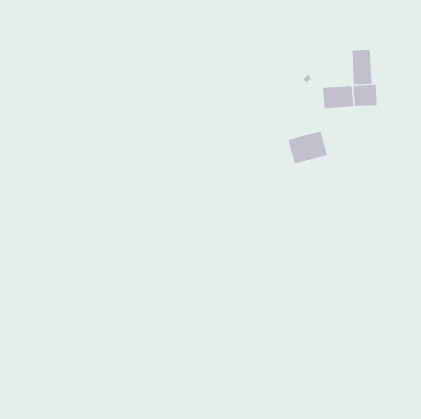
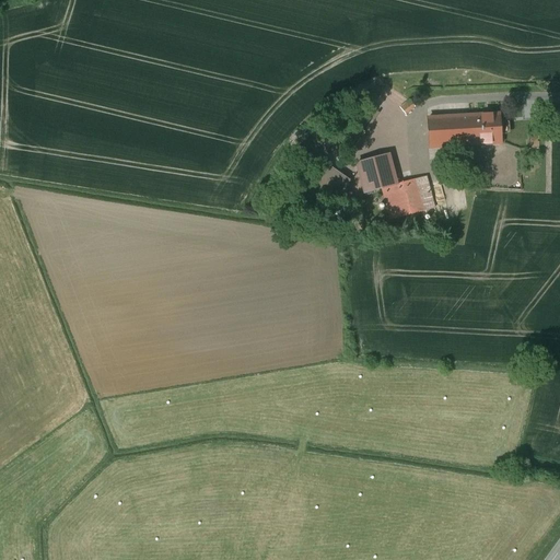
building: [352,49,372,85] -> none
building: none -> [358,149,398,190]

